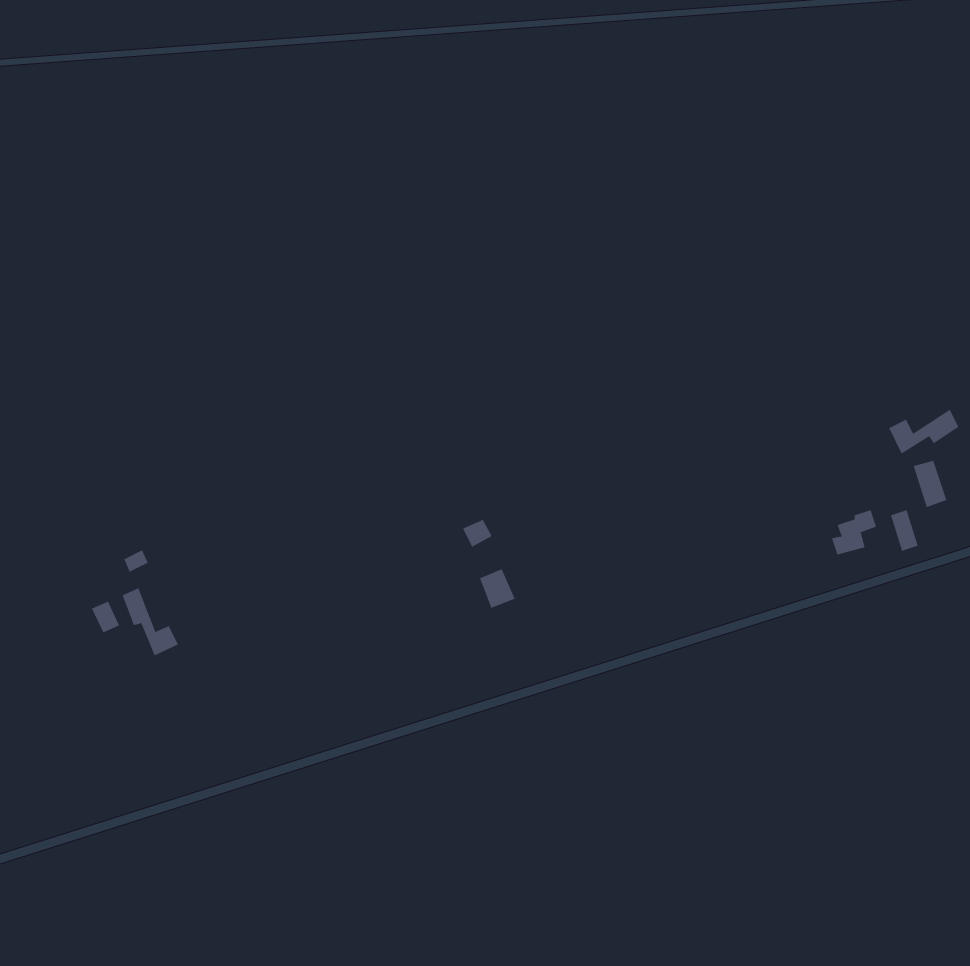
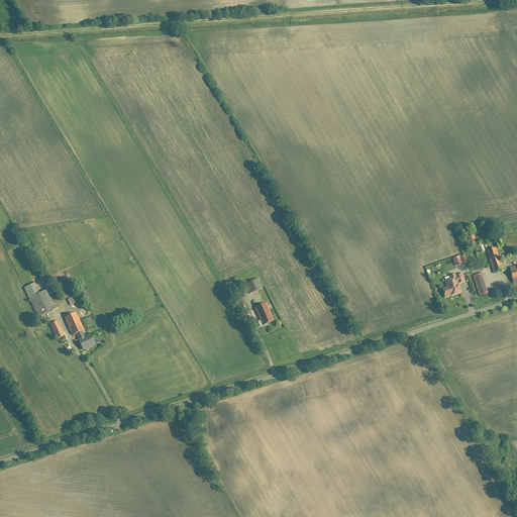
building: [888,409,959,454] -> none
building: none -> [23,282,57,315]

